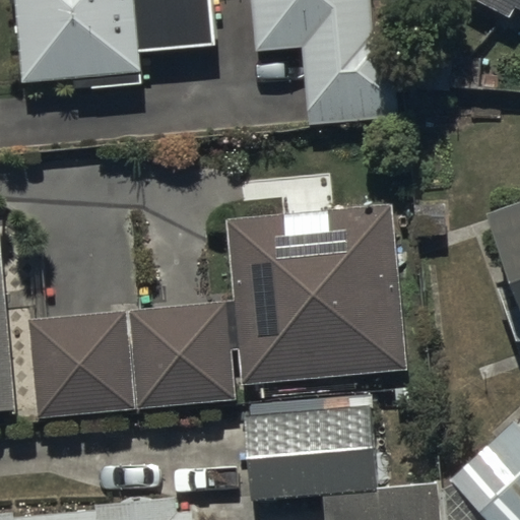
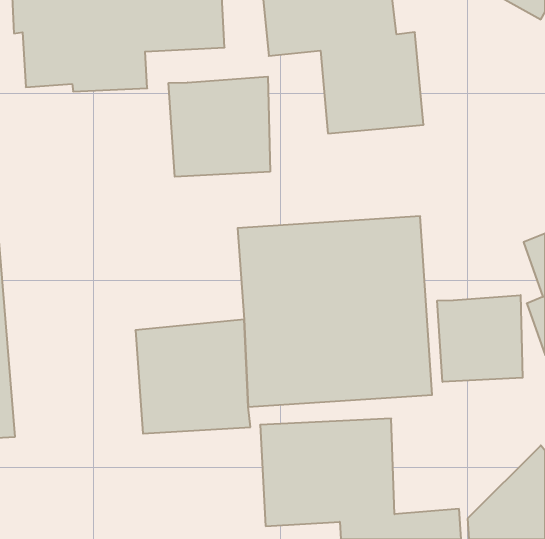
building: none -> [169,77,270,177]
building: none -> [437,295,523,382]
building: [29,312,135,416] -> none

